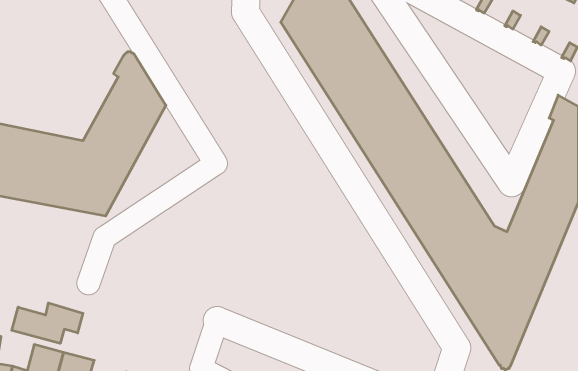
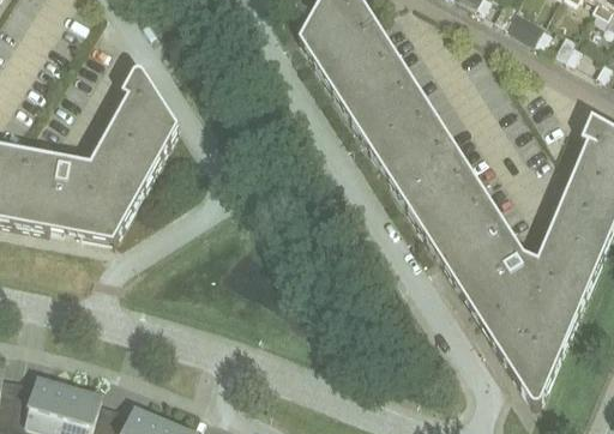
building: [12,303,83,343] -> none

